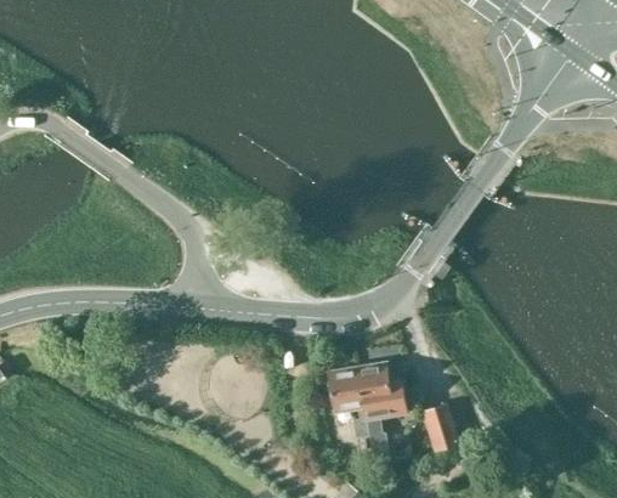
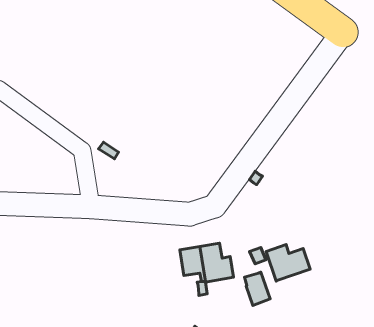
building: none -> [266,245,310,281]

